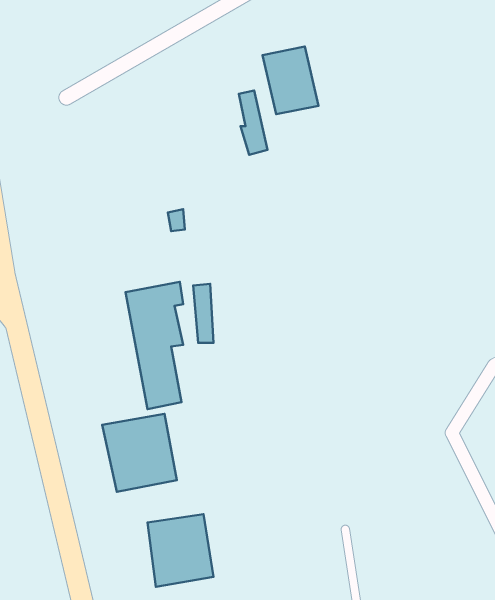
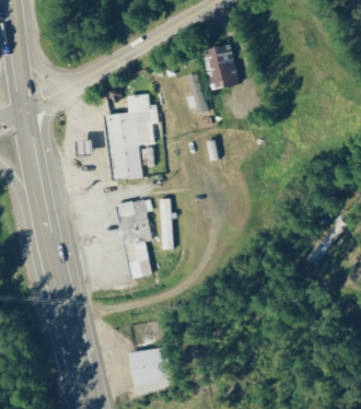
building: none -> [104,95,159,180]
building: [102,414,177,492] -> none

